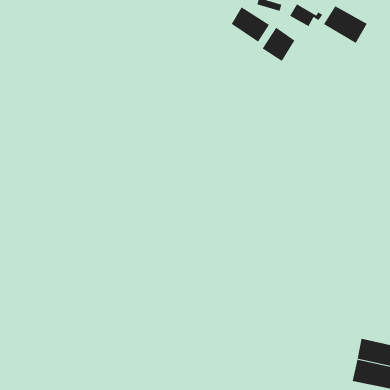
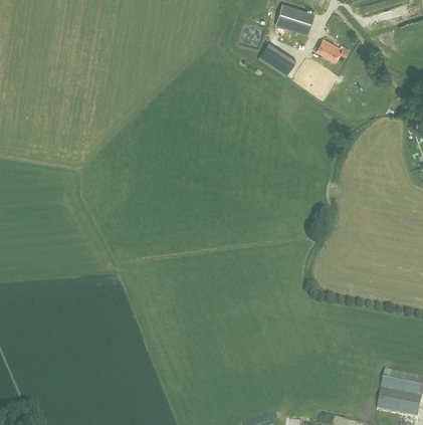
building: [323,5,368,44] -> none
building: [262,27,295,62] -> none

